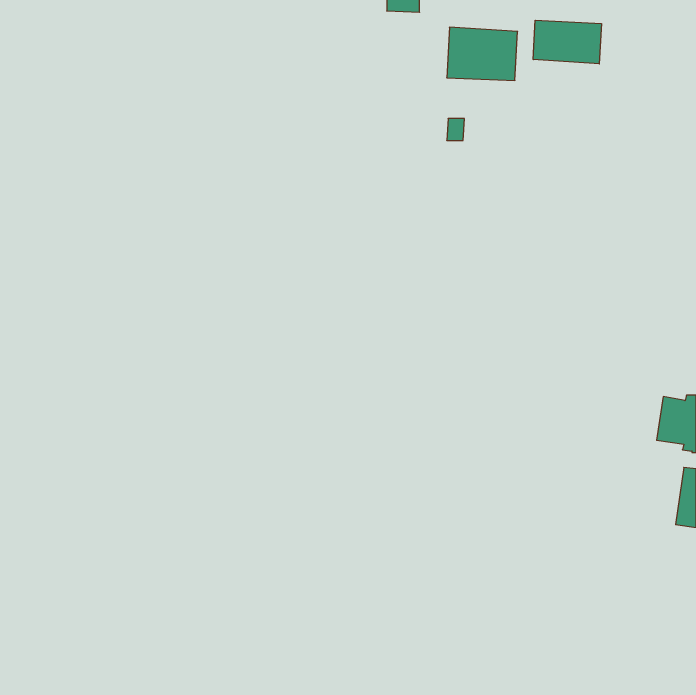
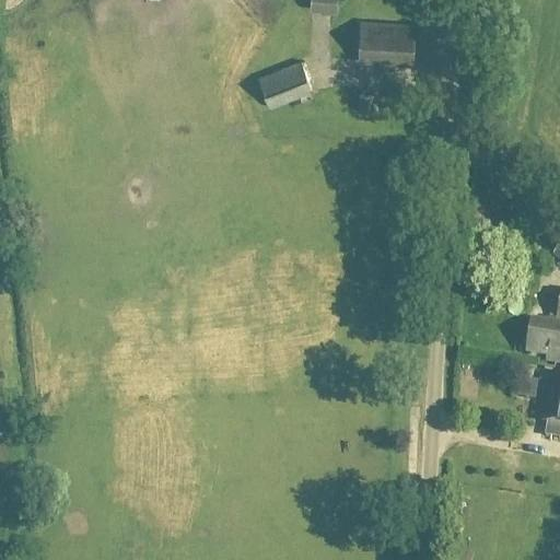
building: [533,20,601,64] -> none
building: none -> [259,62,314,107]

